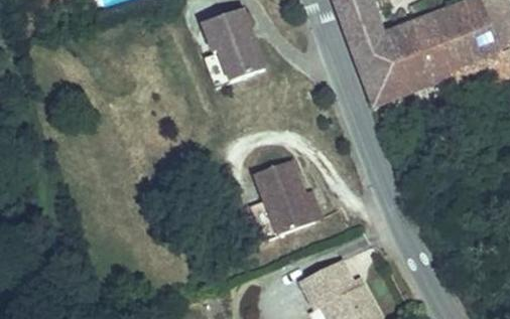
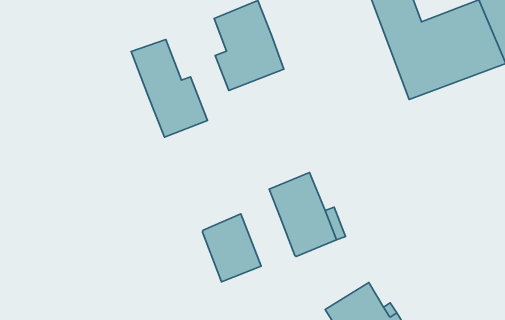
building: none -> [131,39,207,137]
building: none -> [202,214,261,282]

